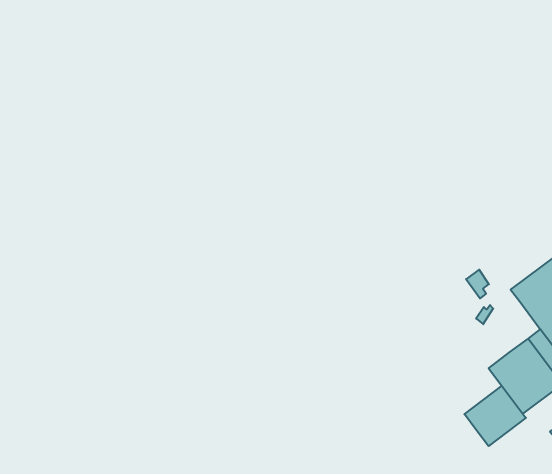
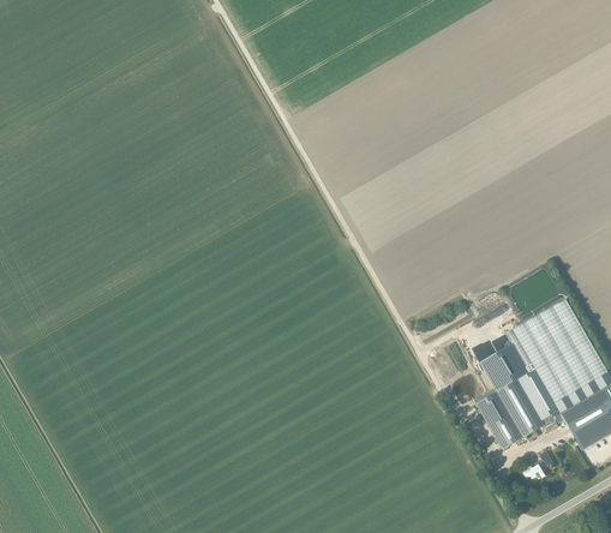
building: none -> [480,345,527,390]
building: [464,386,526,446] -> none

